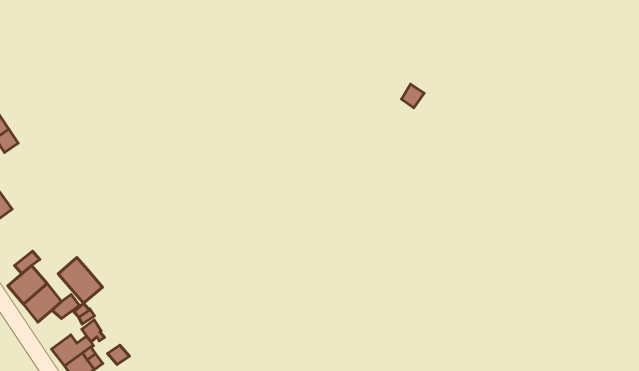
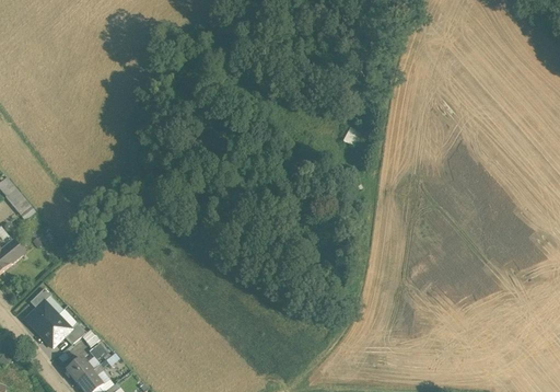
building: [58,258,102,303] -> none

